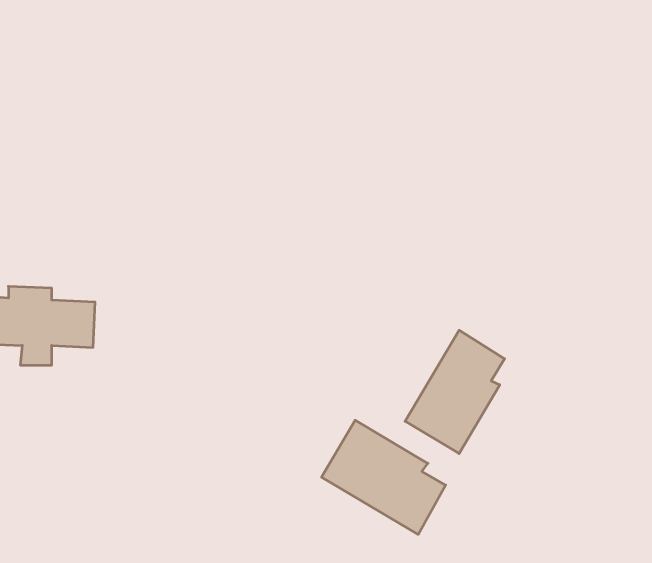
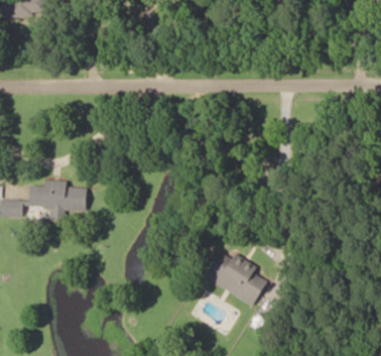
building: [405,330,505,454] -> none

